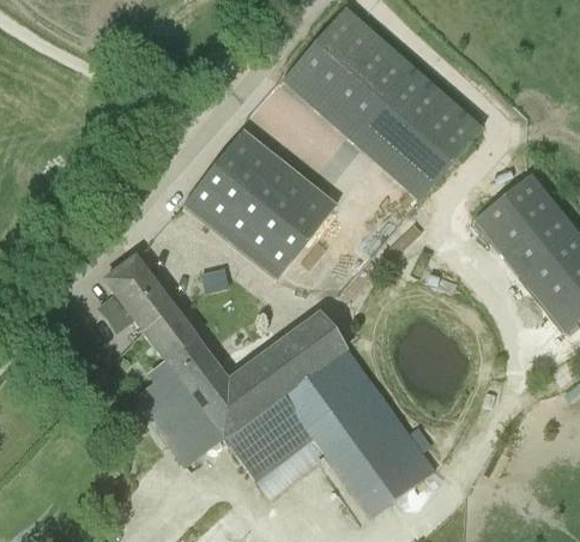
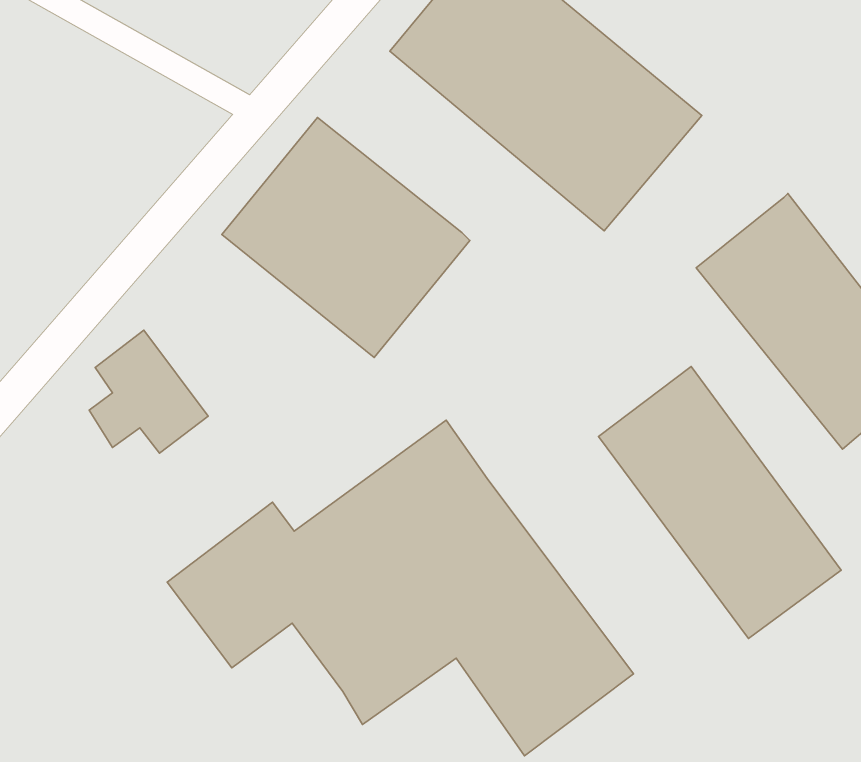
building: none -> [599,366,841,639]
building: [138,309,215,411] -> none

